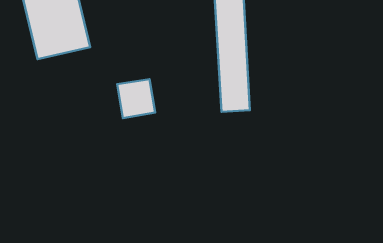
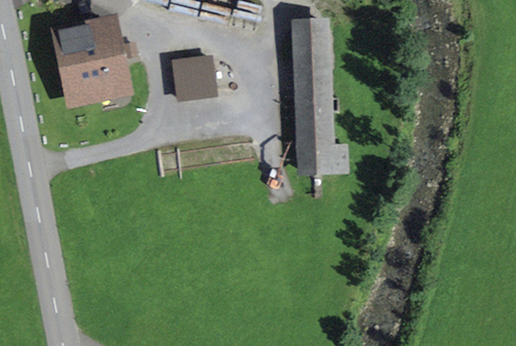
building: [117,79,155,118] -> [173,51,222,101]

